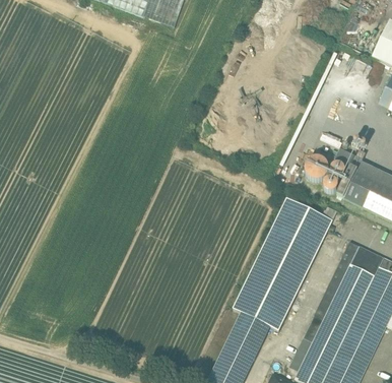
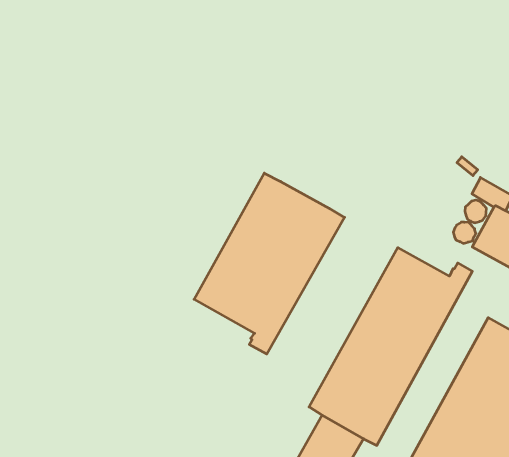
building: none -> [194,173,345,354]
building: [307,156,330,180] -> none

